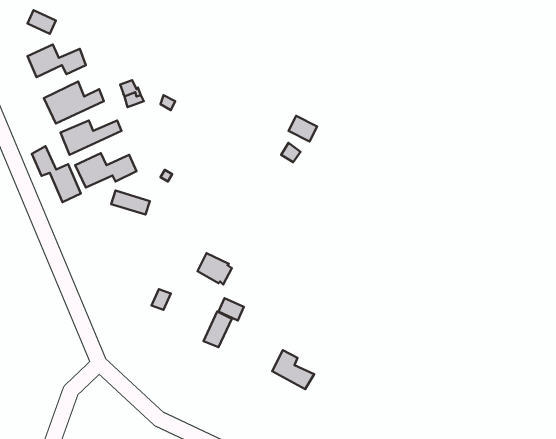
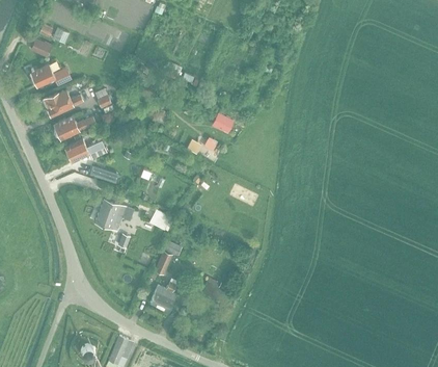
building: [32,146,81,202] -> none
building: none -> [93,196,134,231]
building: none -> [148,281,177,313]

